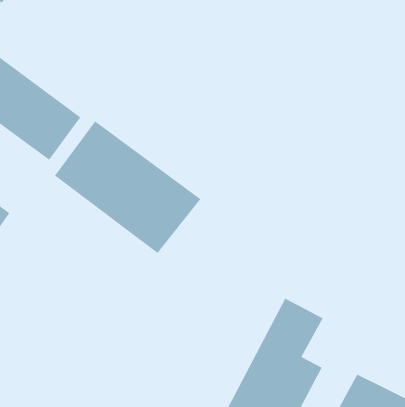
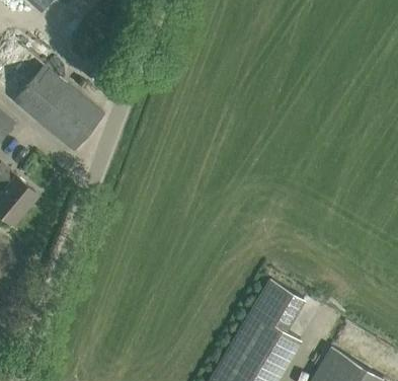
building: [54,121,201,254] -> none

